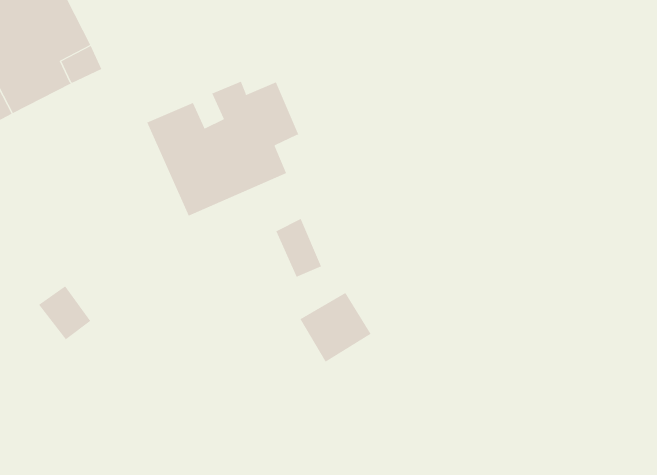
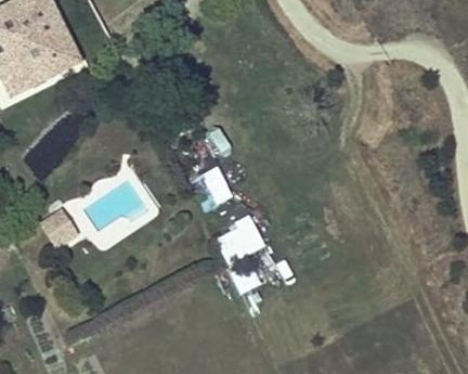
building: [146,81,299,216] -> none

